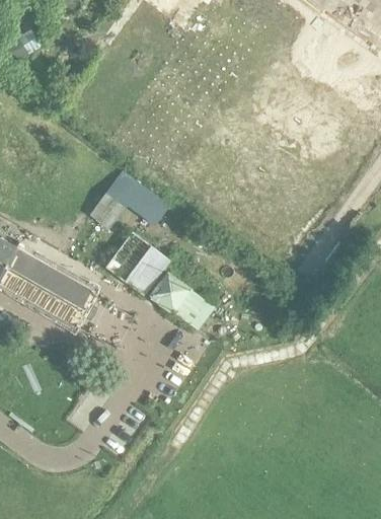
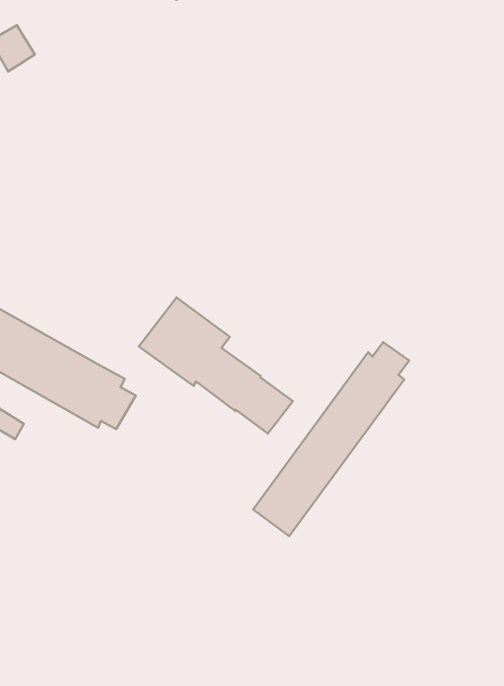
building: [86,167,169,230] -> none
building: none -> [253,342,409,536]

